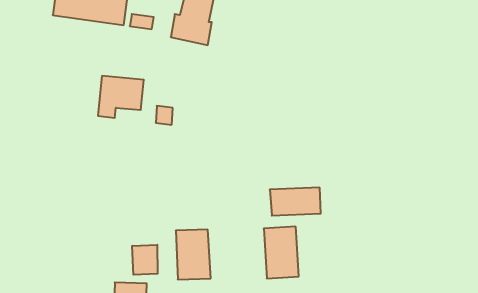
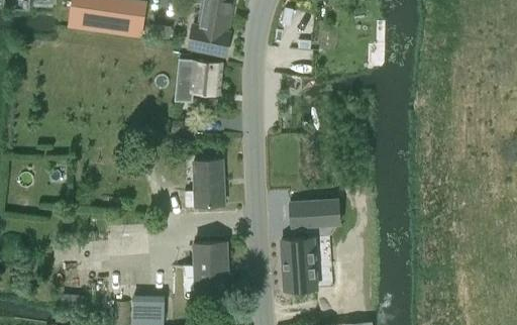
building: [98,76,144,118] -> [175,60,221,102]
building: none -> [185,159,224,206]
building: [132,245,158,275] -> none

